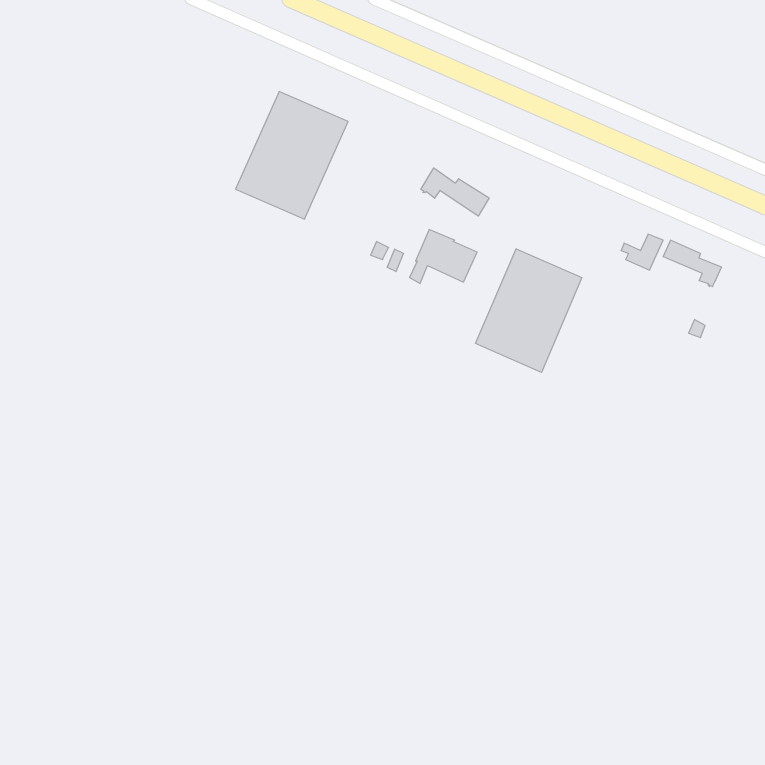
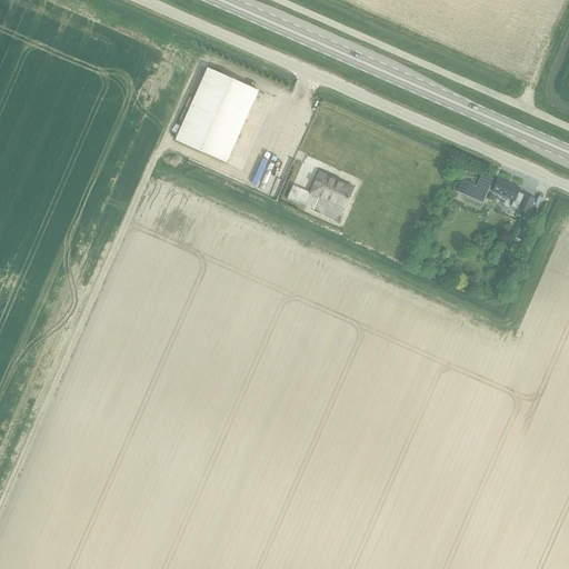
building: [421,168,489,216] -> none
building: [476,249,582,372] -> none

